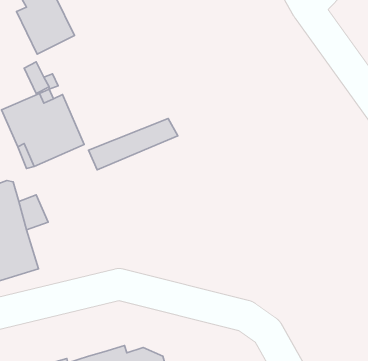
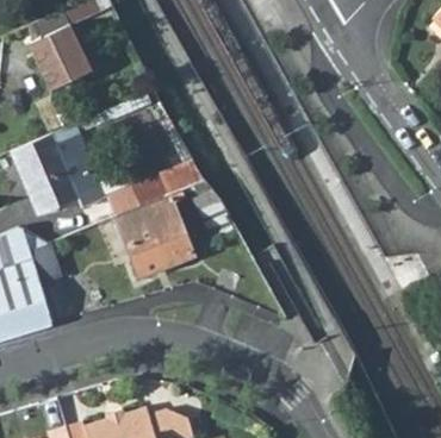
building: none -> [116,188,192,277]

